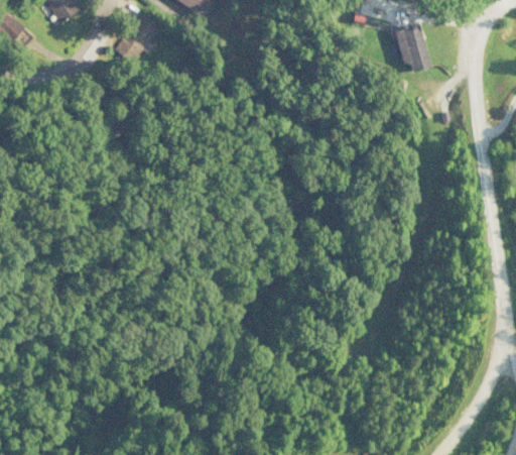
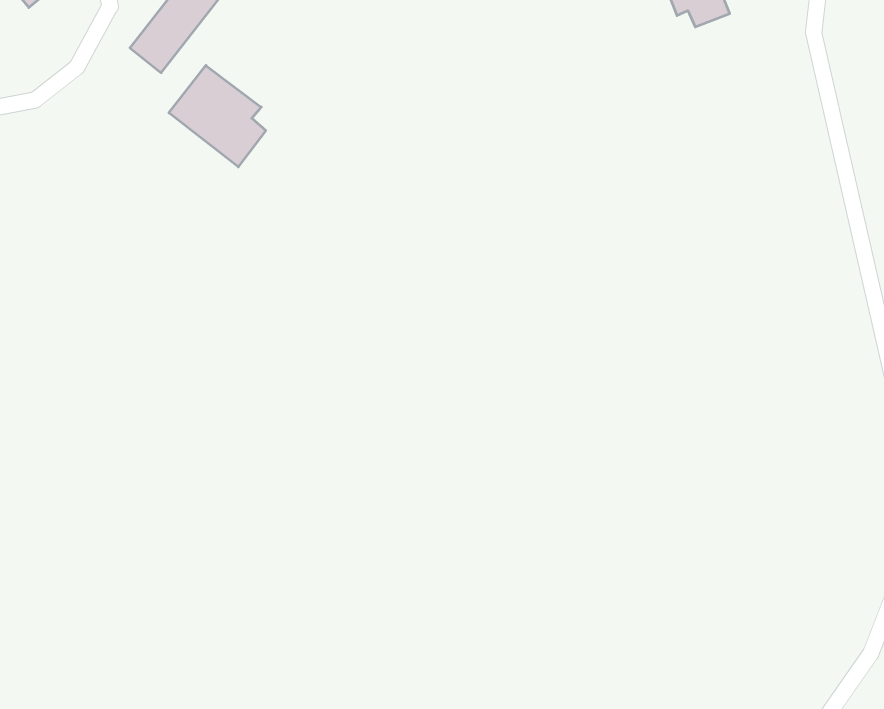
building: none -> [169,65,266,167]

